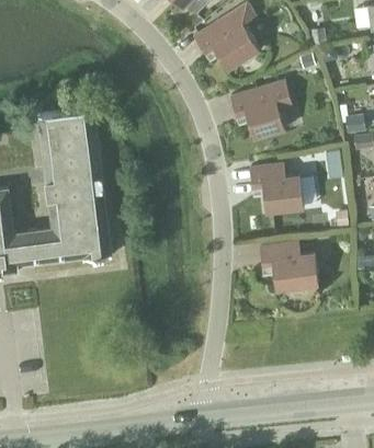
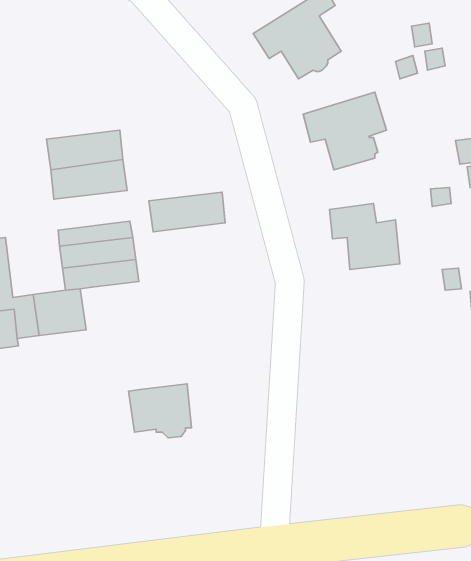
building: [44,153,101,183] -> [149,192,225,232]
building: [64,221,111,262] -> [128,384,192,438]
building: [260,241,319,292] -> none

